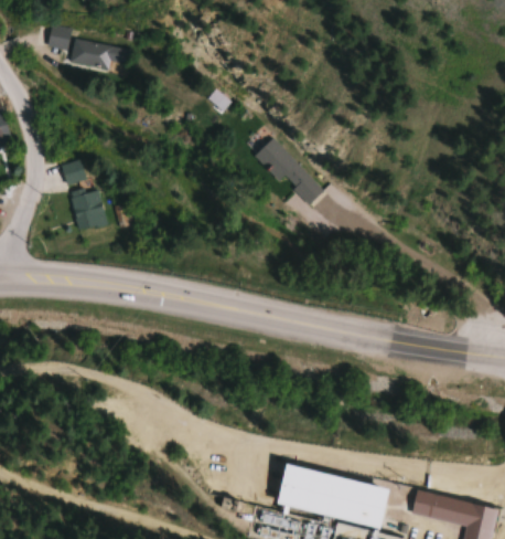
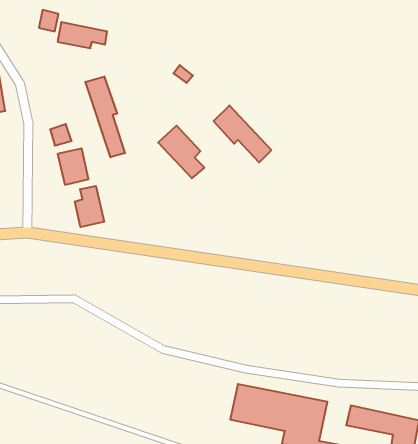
building: none -> [85,76,125,157]
building: none -> [158,126,204,178]
building: none -> [75,186,104,227]

